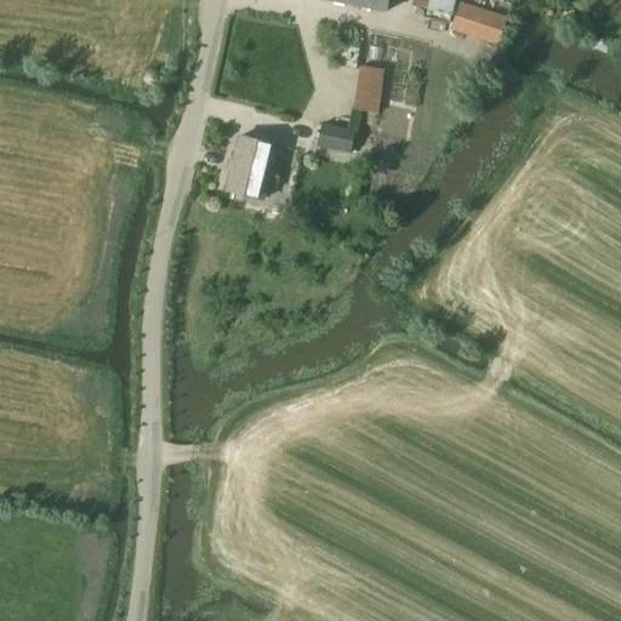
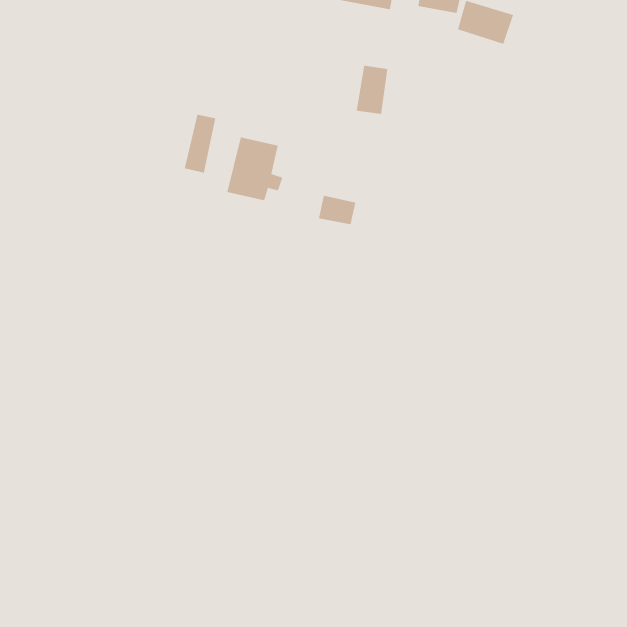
building: none -> [184,114,216,173]
building: [317,123,354,152] -> [318,195,356,225]

